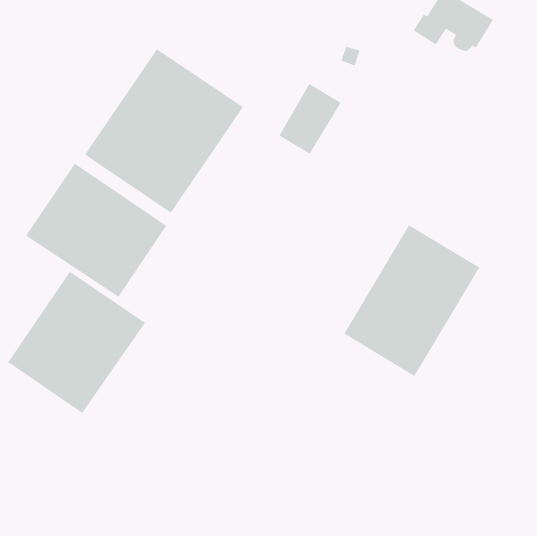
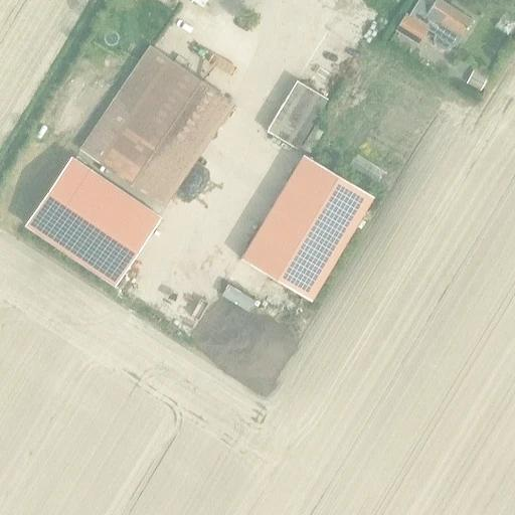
building: [343,224,480,377] -> [242,154,373,300]
building: [8,271,146,414] -> none

